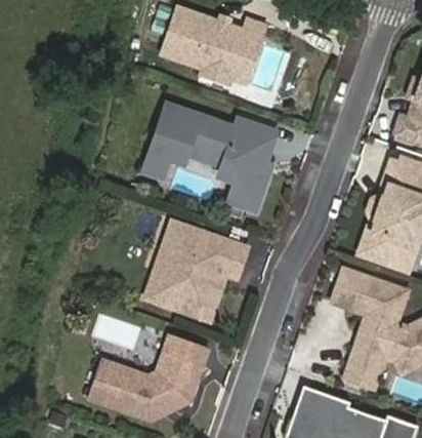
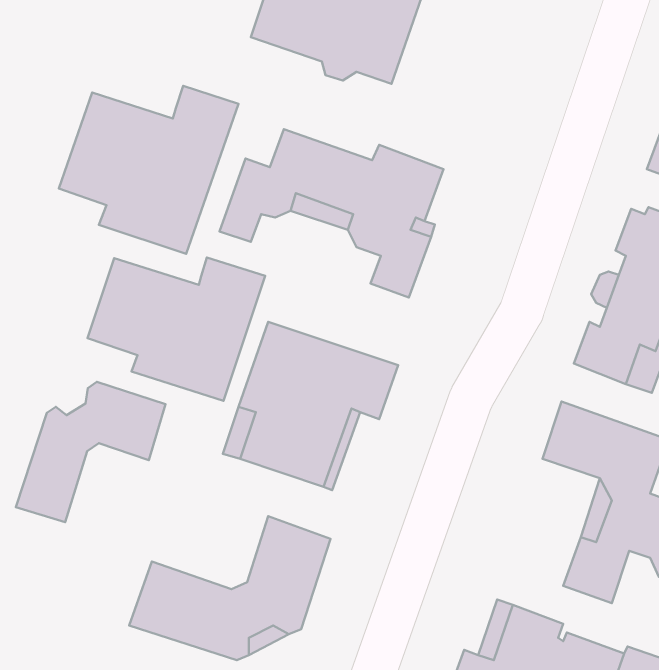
building: none -> [59,86,239,254]
building: none -> [87,257,265,401]
building: none -> [16,382,165,522]

